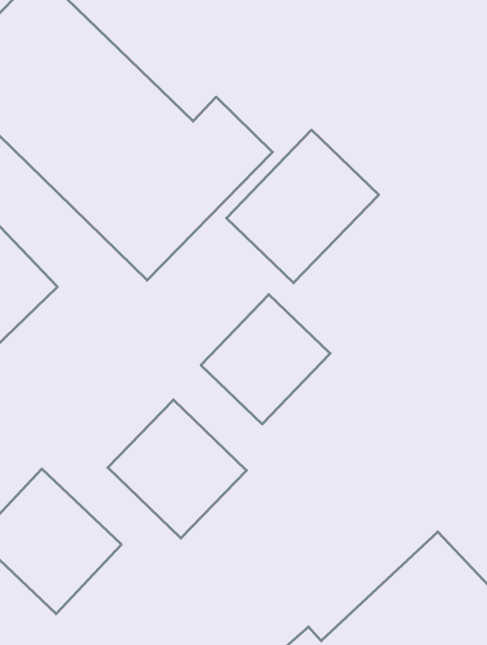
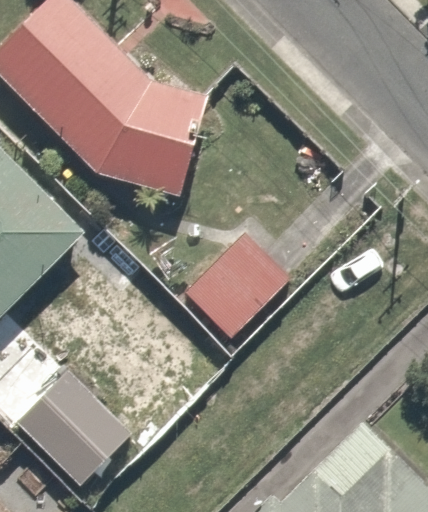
building: [226,130,379,283] -> none
building: [108,400,247,538] -> none

